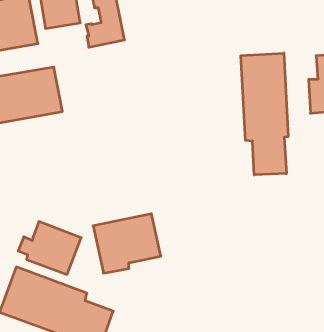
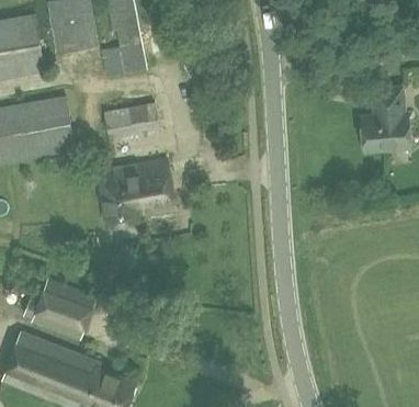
building: [241,53,288,175] -> none
building: none -> [104,102,159,140]
building: [93,214,161,273] -> [98,158,177,227]

